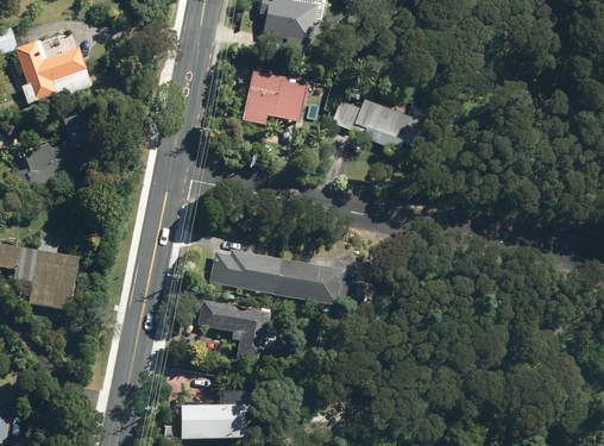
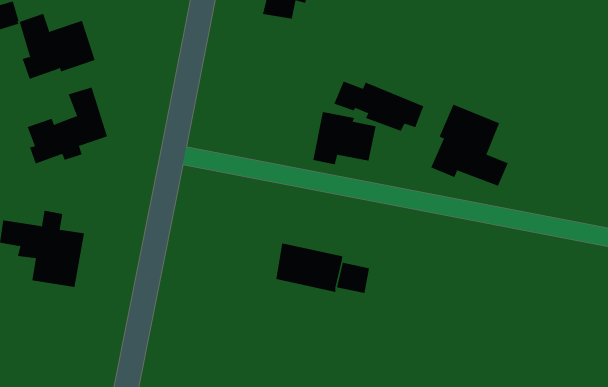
building: [239,74,302,126] -> [313,112,377,165]
building: none -> [431,104,508,187]
building: [209,247,279,294] -> none
building: [195,299,273,363] -> none

